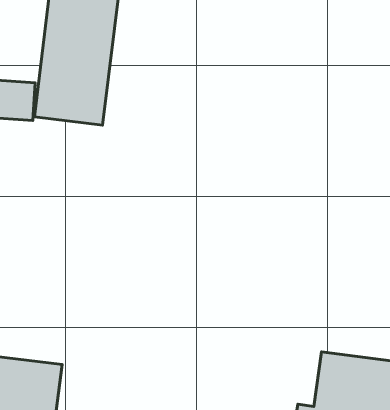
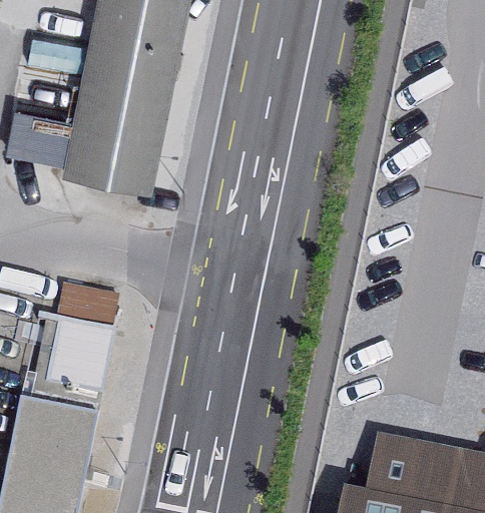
building: none -> [40,286,116,394]

